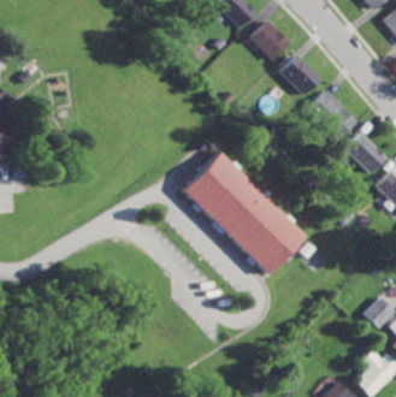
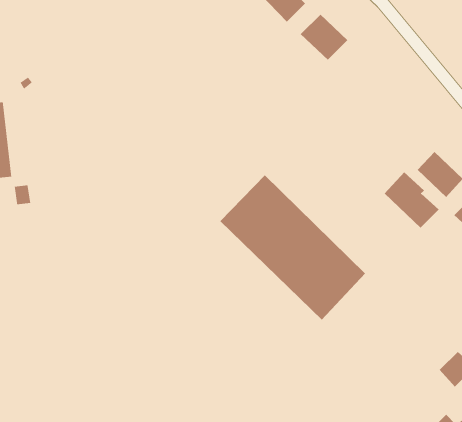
building: [280,55,321,95] -> none
building: [311,90,356,137] -> [384,171,439,228]

